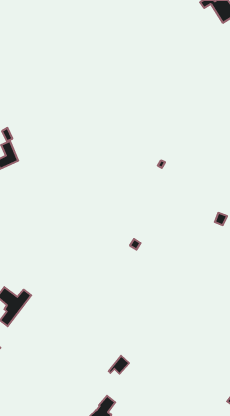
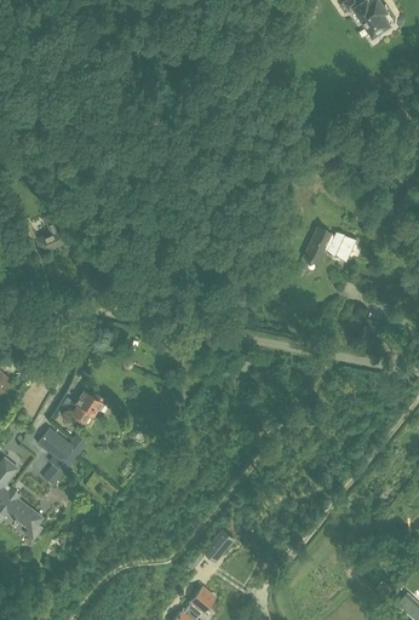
building: none -> [303,226,355,264]
building: none -> [70,390,103,427]

